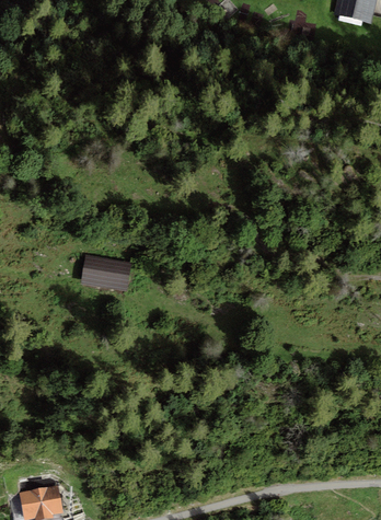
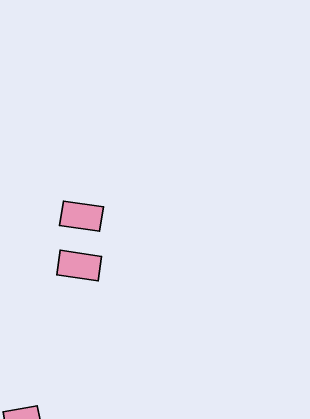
building: none -> [57,250,102,281]

